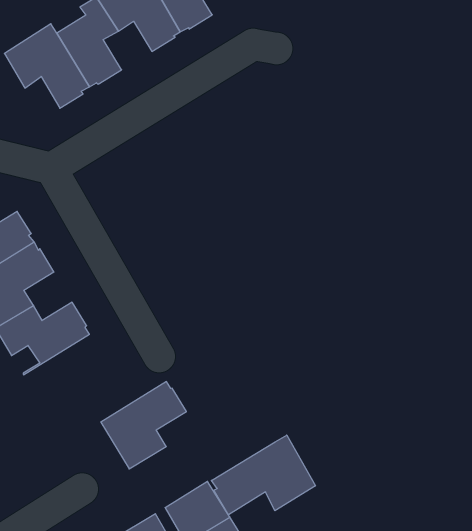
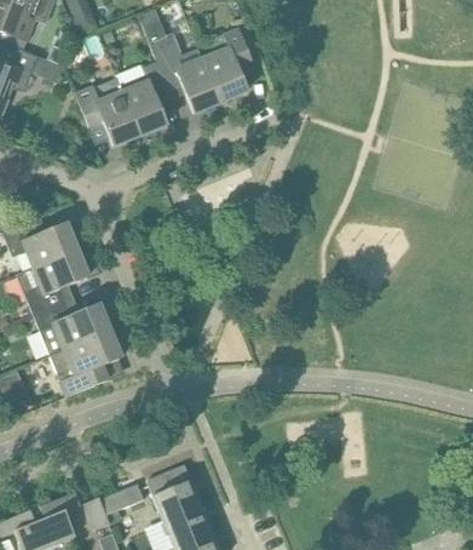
building: [101,382,186,469] -> [50,331,120,396]
building: [211,435,315,515] -> none

